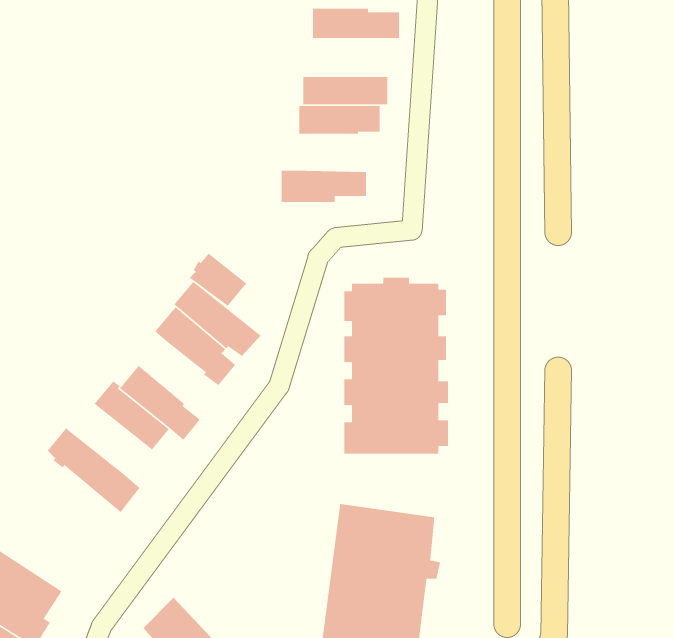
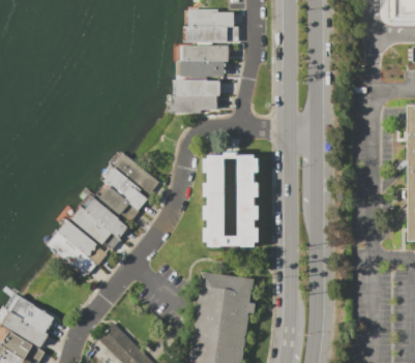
building: none -> [186,25,238,41]
building: none -> [176,79,219,95]
building: [189,252,247,307] -> [99,185,130,214]
building: none -> [58,219,98,255]

